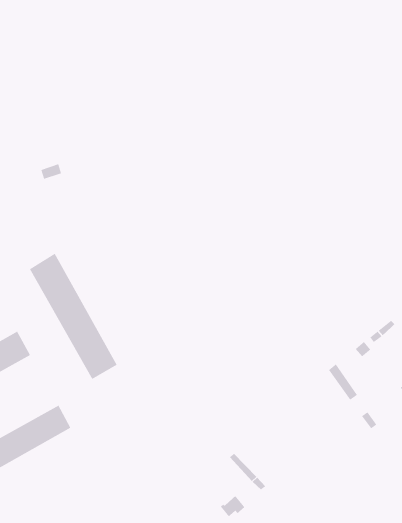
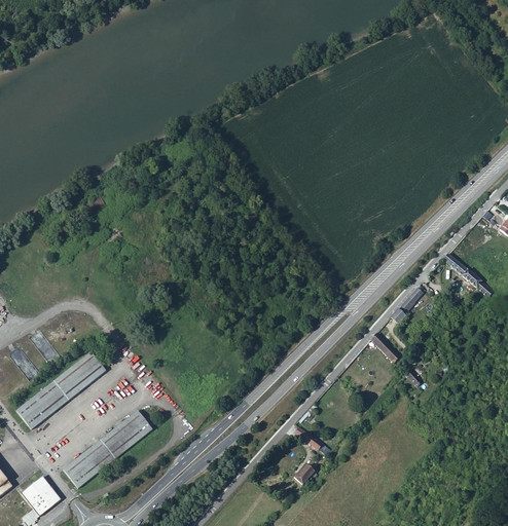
building: [29,253,117,380] -> none

